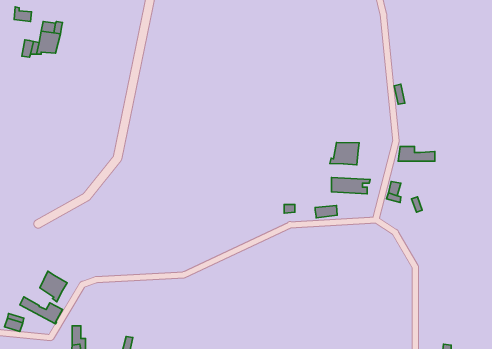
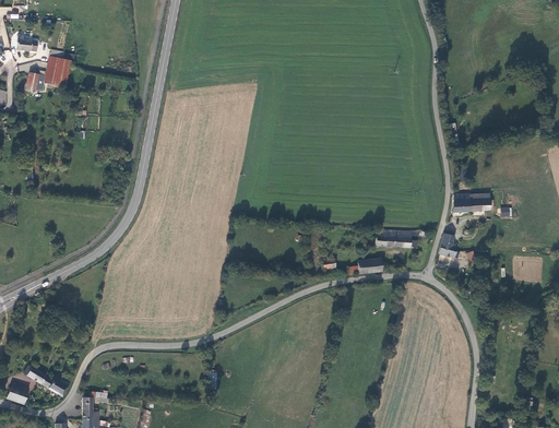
building: [330,143,359,165] -> none
building: [40,271,67,302] -> none

